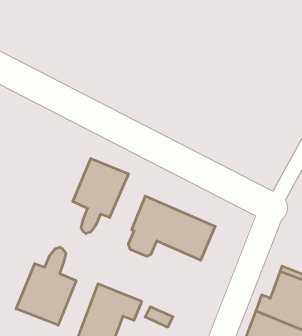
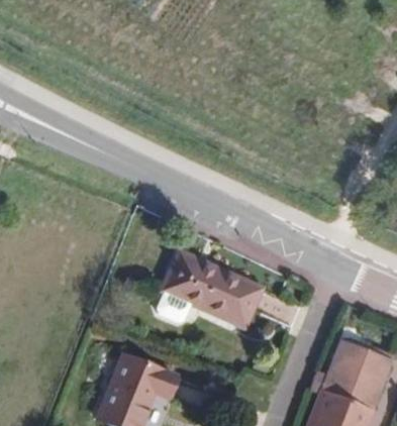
building: [73,158,129,234] -> none
building: [16,247,76,325] -> none

